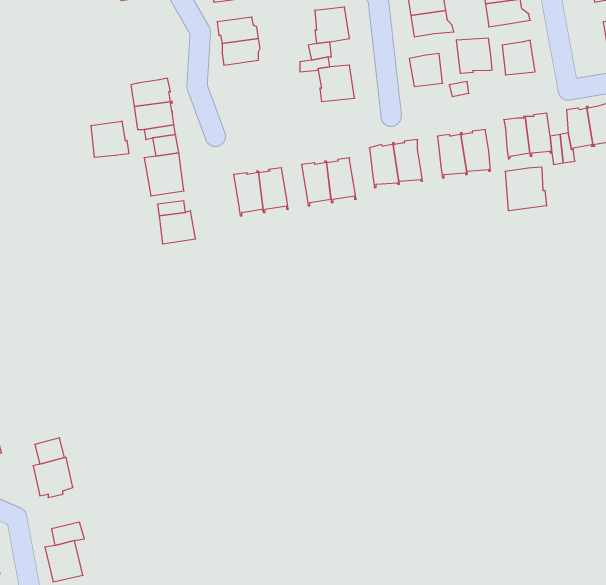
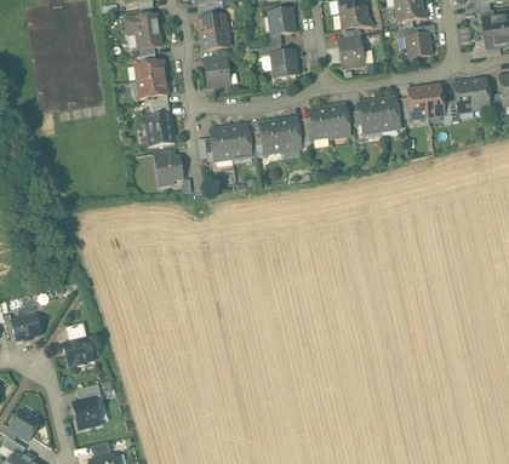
building: none -> [124,13,160,48]
building: [457,38,492,74] -> none
building: none -> [204,55,229,86]
building: [91,121,129,157] -> none
building: [505,167,546,211] -> none

